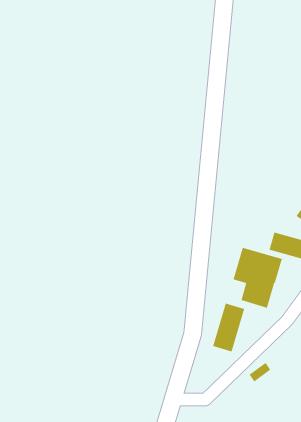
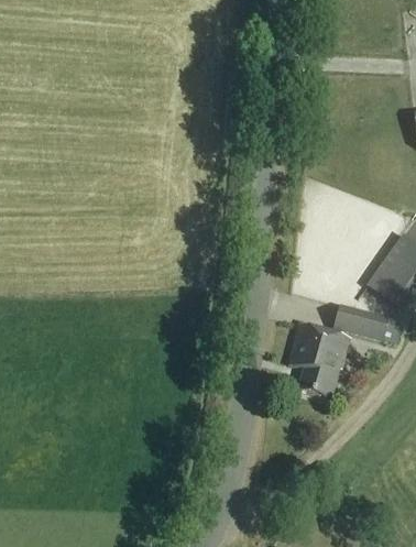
building: [212,303,245,352] -> none

